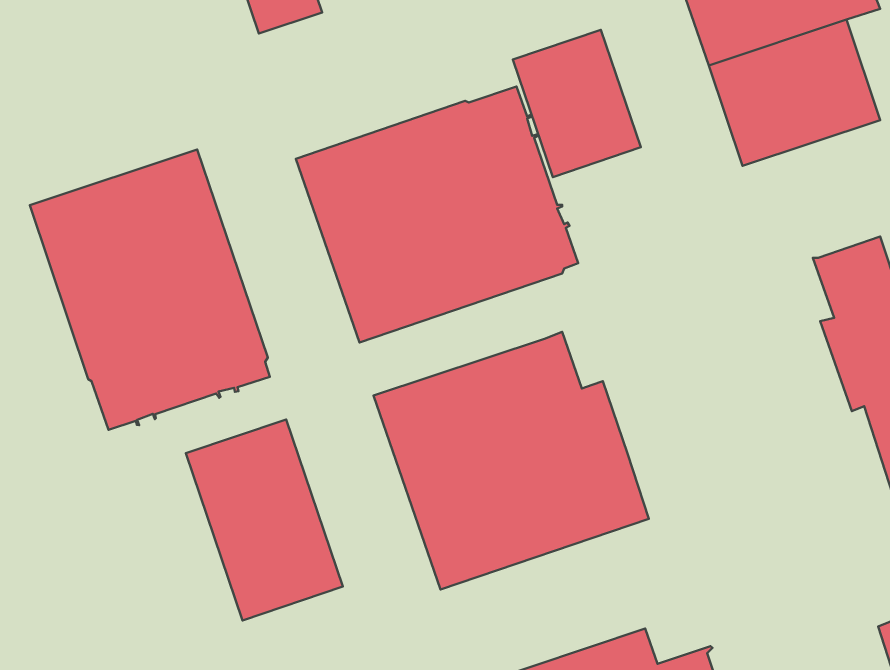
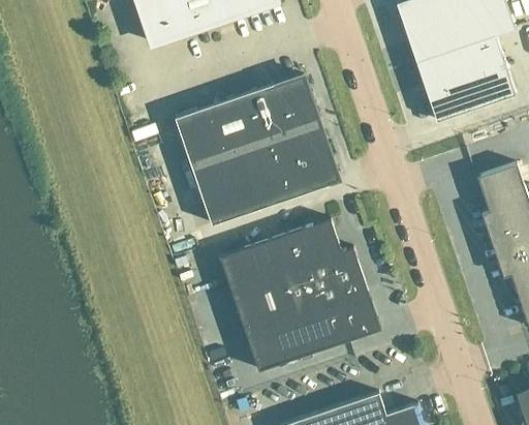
building: [513,30,641,177] -> none
building: [30,150,270,430] -> none
building: [186,419,343,621] -> none

